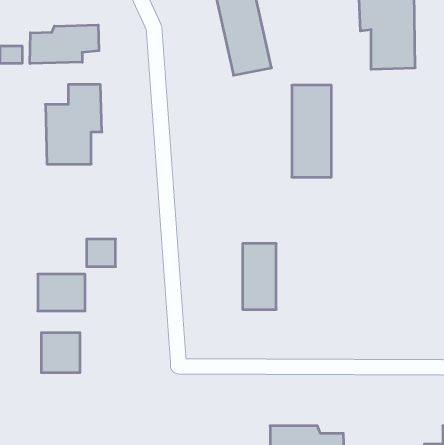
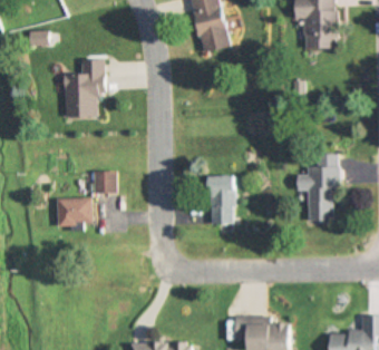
building: [30,25,99,64] -> none
building: [292,85,331,177] -> [307,157,336,224]
building: [41,333,80,373] -> none

